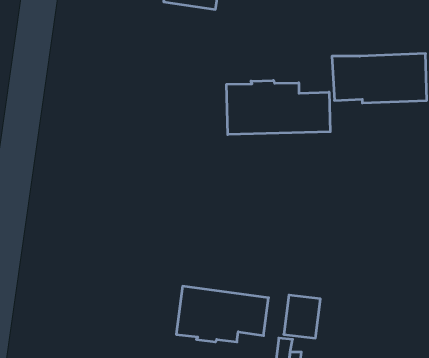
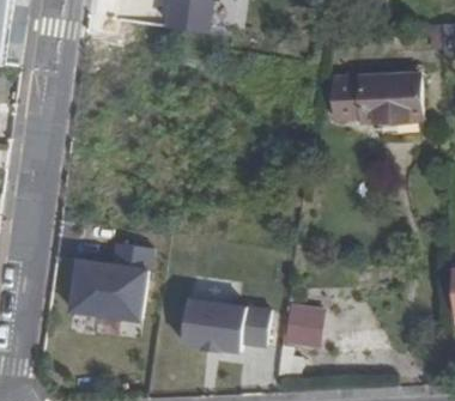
building: [227,80,330,135] -> none
building: none -> [72,242,152,318]

